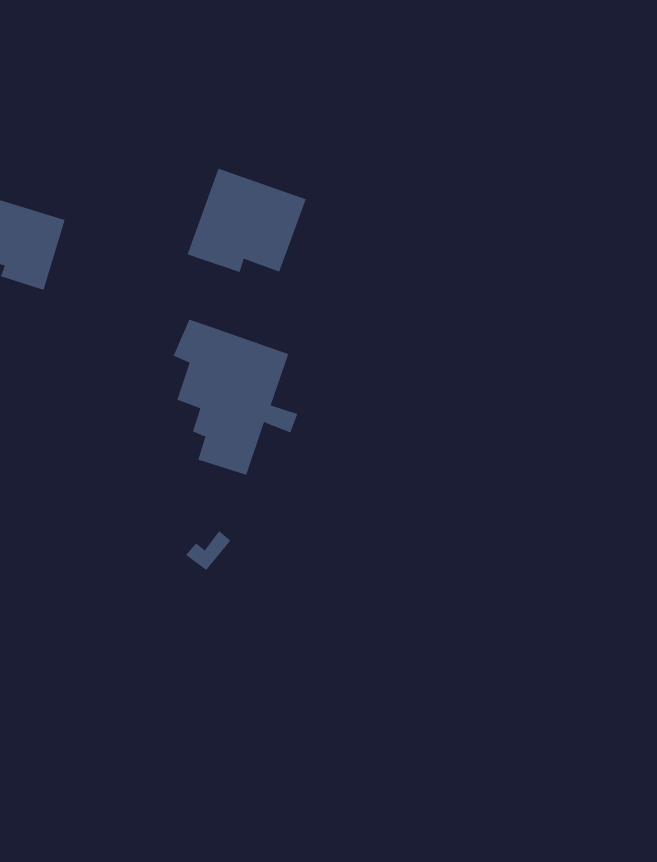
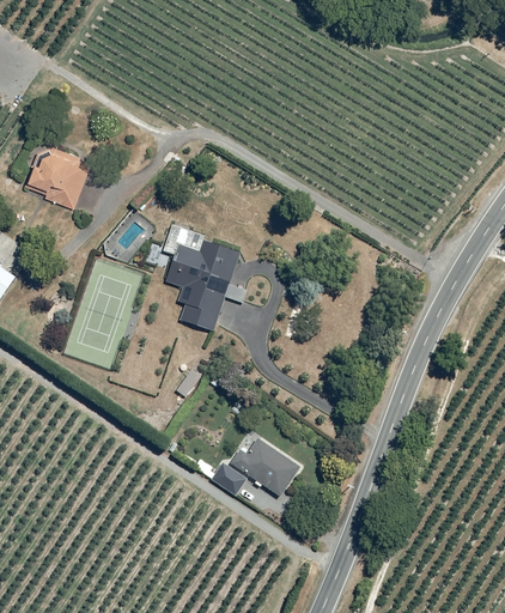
building: [187,168,307,273] -> none
building: none -> [191,437,299,512]

